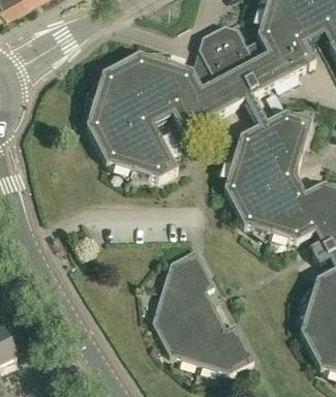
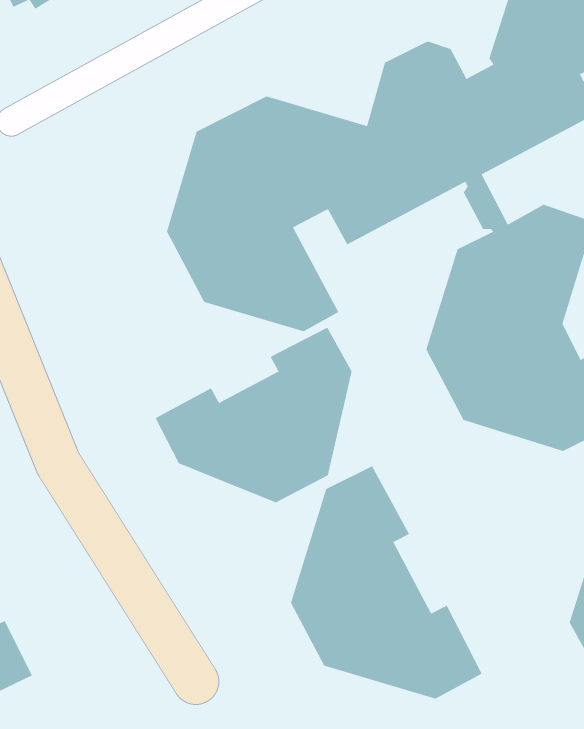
building: none -> [155,327,352,503]

